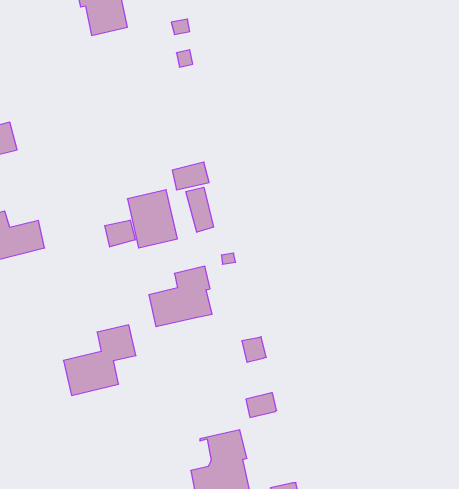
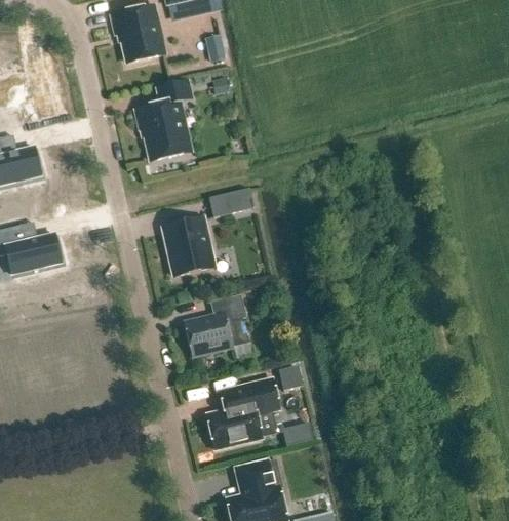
building: none -> [134,80,189,159]
building: [186,187,213,232] -> none
building: [105,220,135,247] -> none
building: [63,325,136,395] -> [205,377,278,448]

